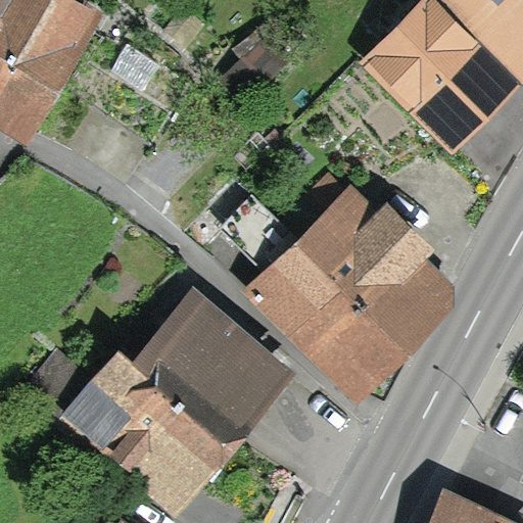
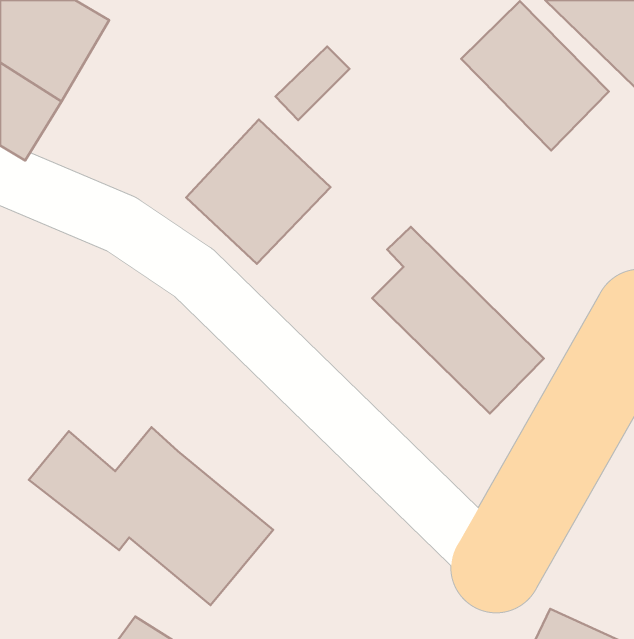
building: none -> [186,120,331,264]
building: [230,197,405,387] -> none
building: [150,302,283,433] -> none

